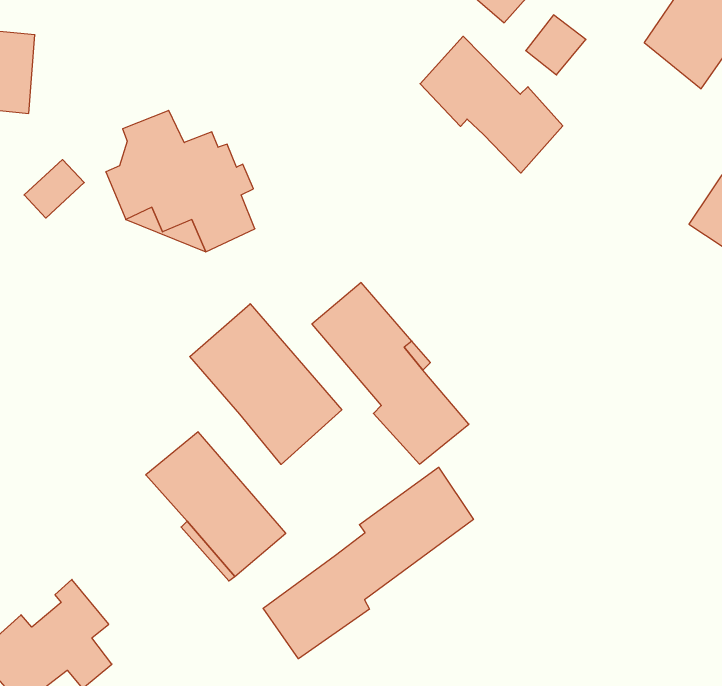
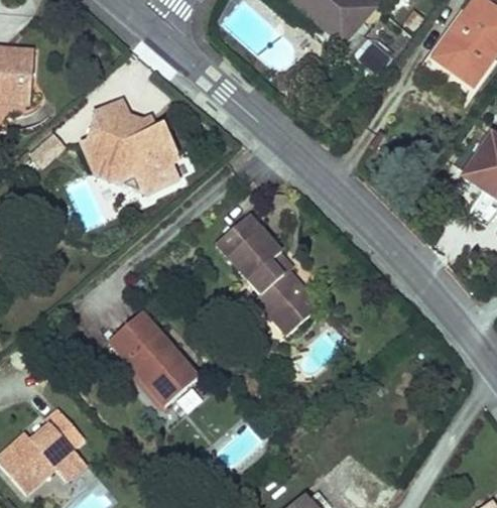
building: [420,36,563,173] -> none
building: [190,304,342,464] -> none
building: [263,467,473,659] -> none

